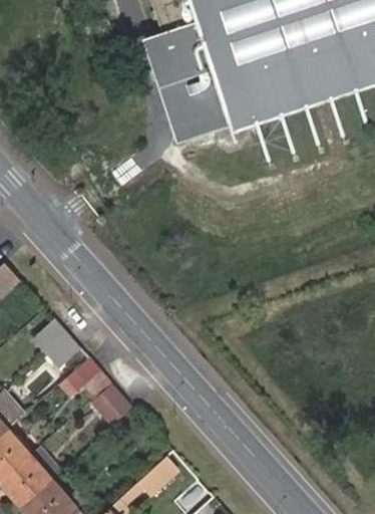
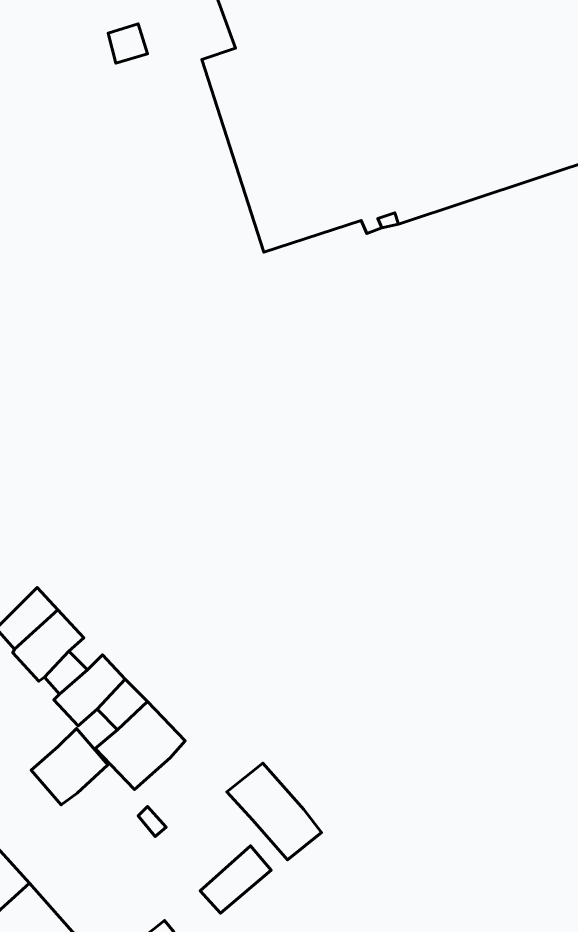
building: none -> [31,728,108,805]
building: none -> [227,763,322,860]

